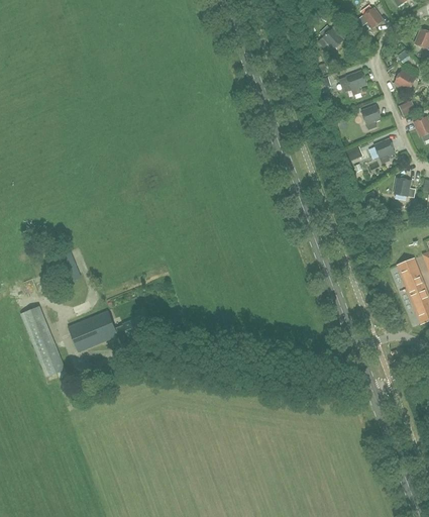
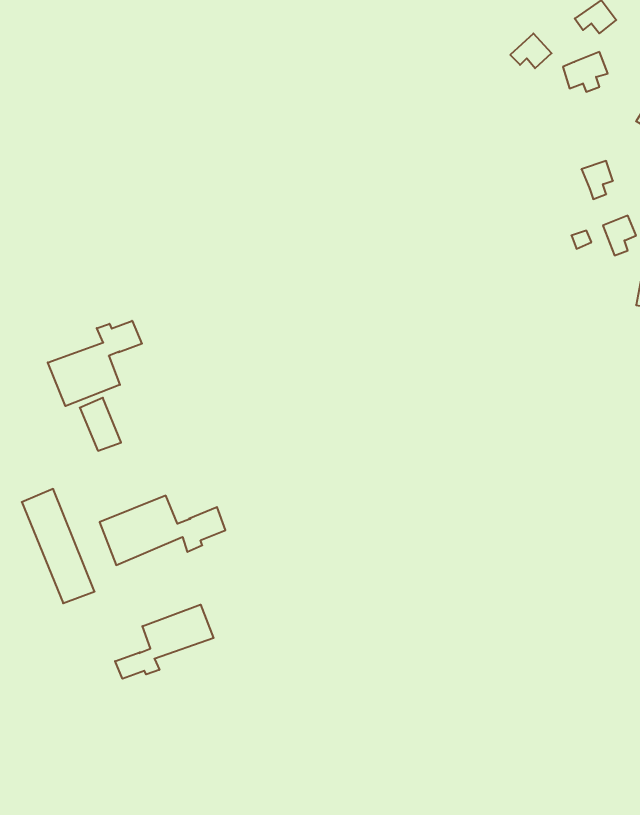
building: [338,70,365,94] -> [563,52,608,92]
building: none -> [48,321,142,406]
building: none -> [115,605,214,679]

